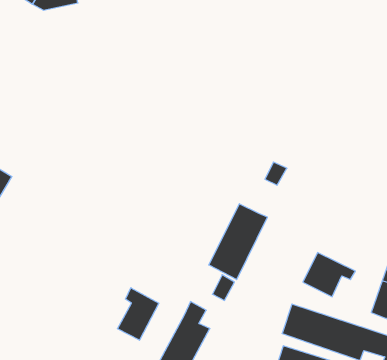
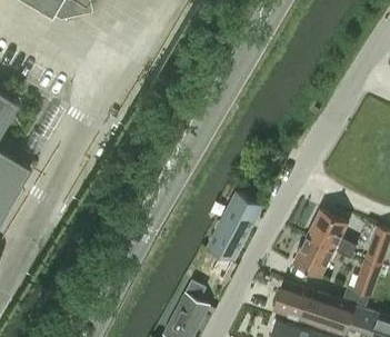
building: none -> [307,211,356,259]
building: [117,288,159,340] -> none

